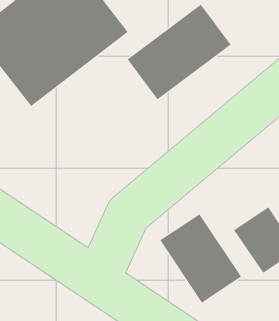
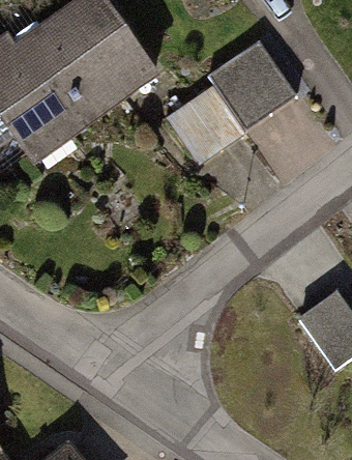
building: [160,213,242,303] -> none

